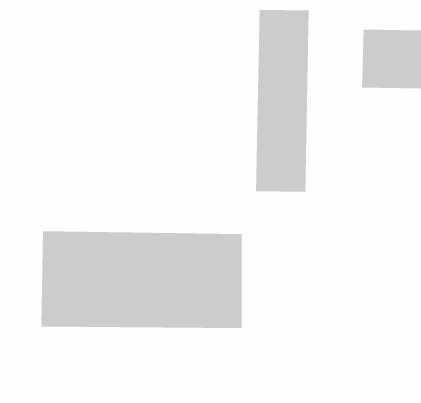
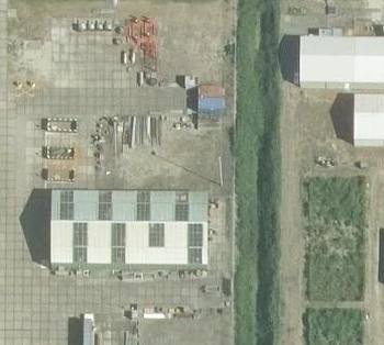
building: [256,9,309,192] -> none

